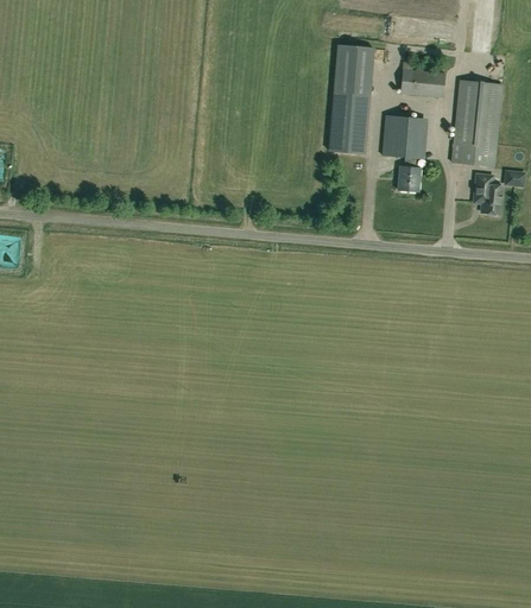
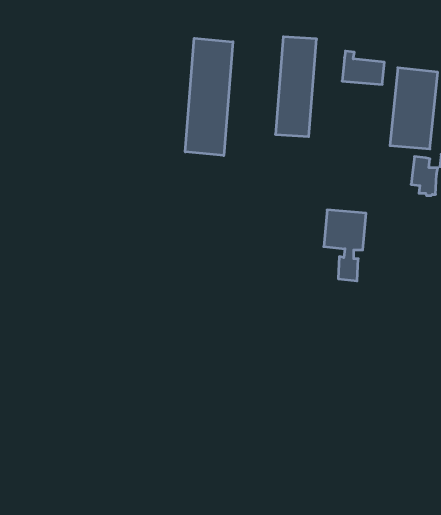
building: none -> [185,38,233,156]
building: [383,115,428,191] -> [324,210,366,281]

